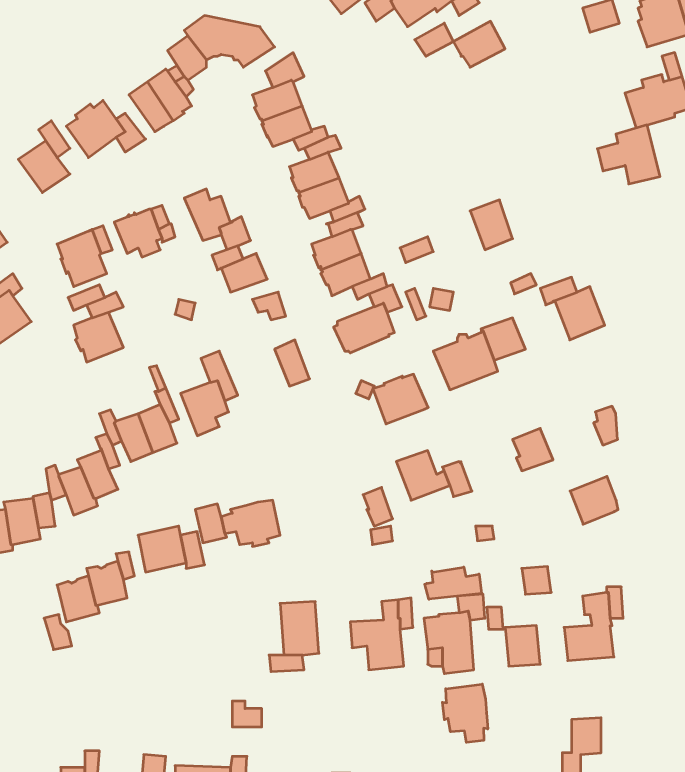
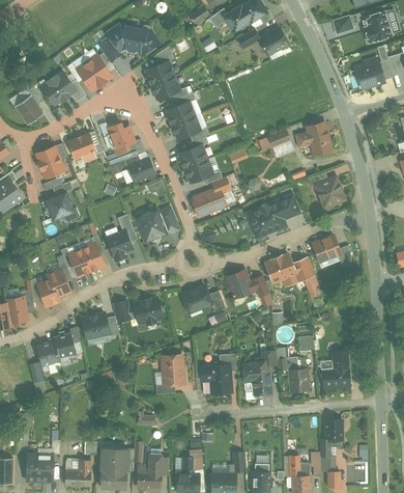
building: [597,125,660,184] -> [296,121,331,155]
building: none -> [136,209,167,242]
building: [373,374,428,424] -> [265,254,296,282]
building: [570,476,618,524] -> [313,235,340,262]
building: none -> [181,285,211,312]
building: [425,567,482,599] -> none
building: [442,684,488,742] -> none

